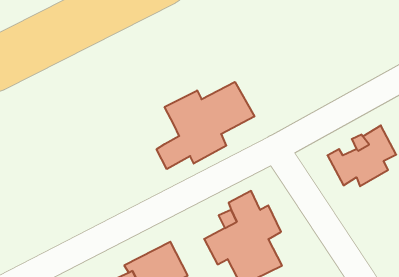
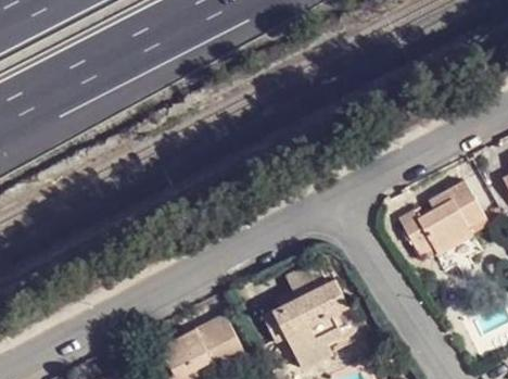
building: [157,82,254,169] -> none

